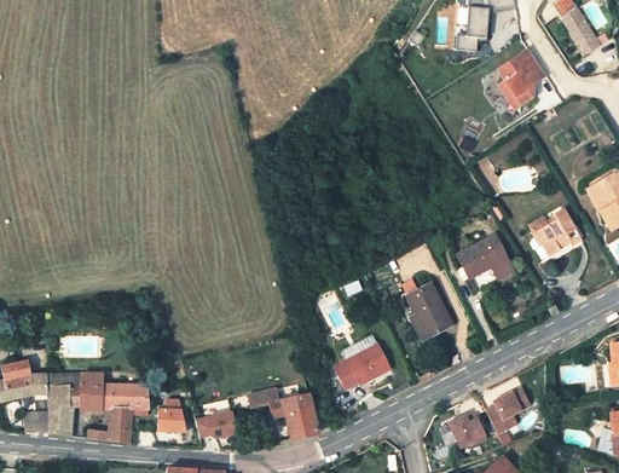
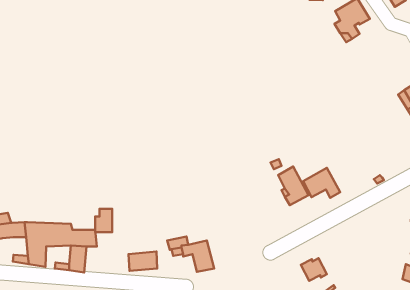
building: [534,206,589,253] -> none
building: [461,237,514,281] -> [303,168,340,198]
building: [339,348,395,392] -> none
building: [481,393,525,438] -> none
building: [161,396,185,429] -> [95,209,112,232]

